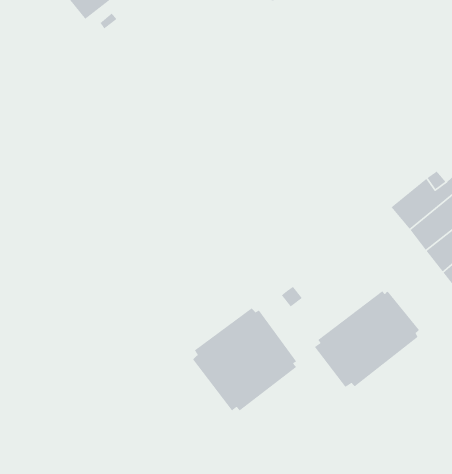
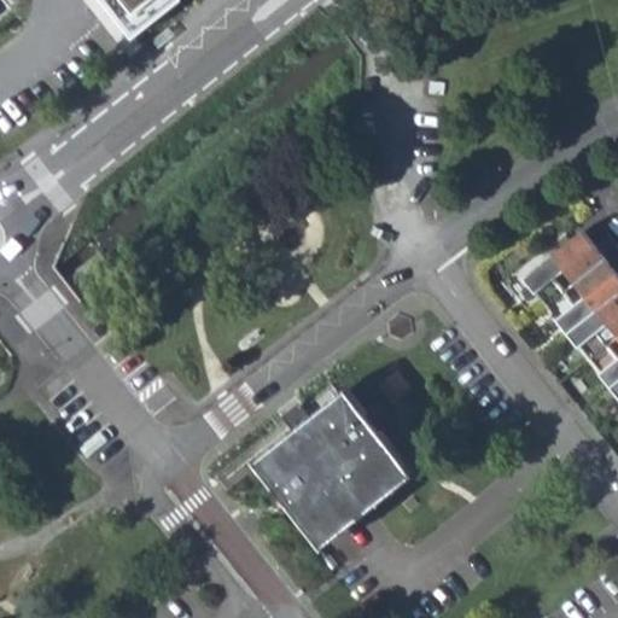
building: [314,290,420,388] -> none

